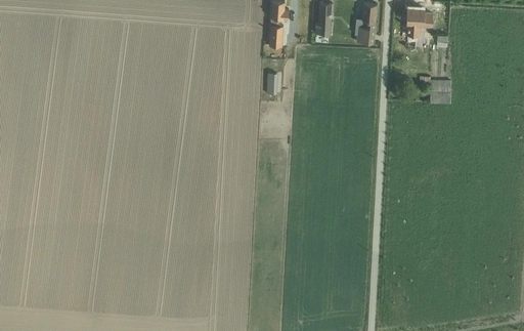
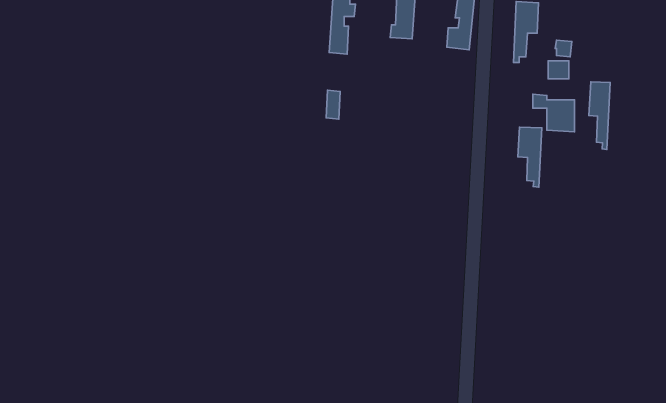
building: none -> [589,82,610,149]
building: none -> [518,127,542,187]

